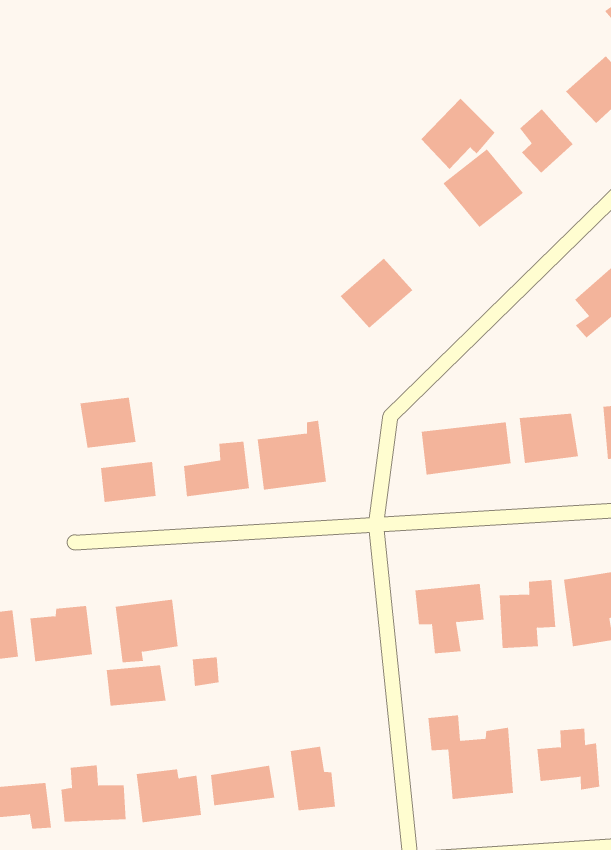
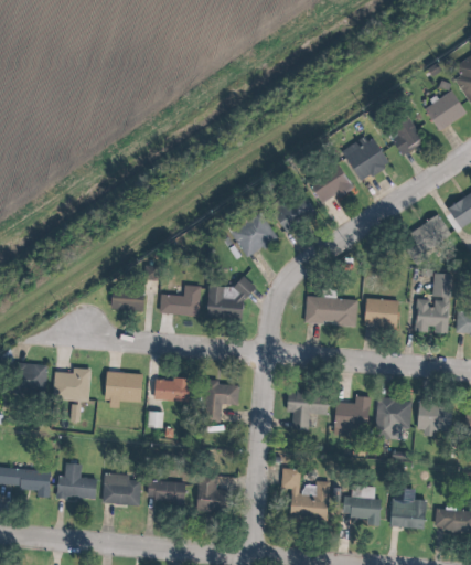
building: [421,98,496,170] -> [308,162,353,204]
building: none -> [231,213,277,258]
building: [80,397,136,449] -> none
building: none -> [205,382,239,422]
building: [106,665,167,706] -> [153,377,188,402]

